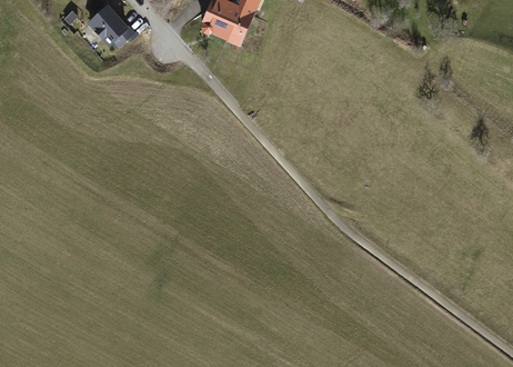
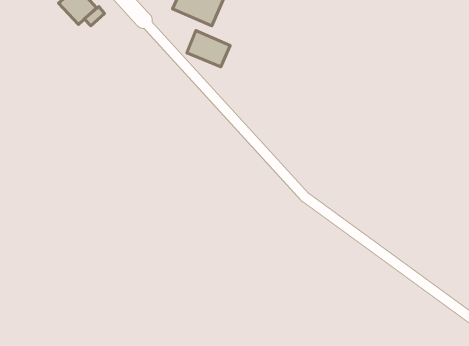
building: none -> [187,30,230,67]

